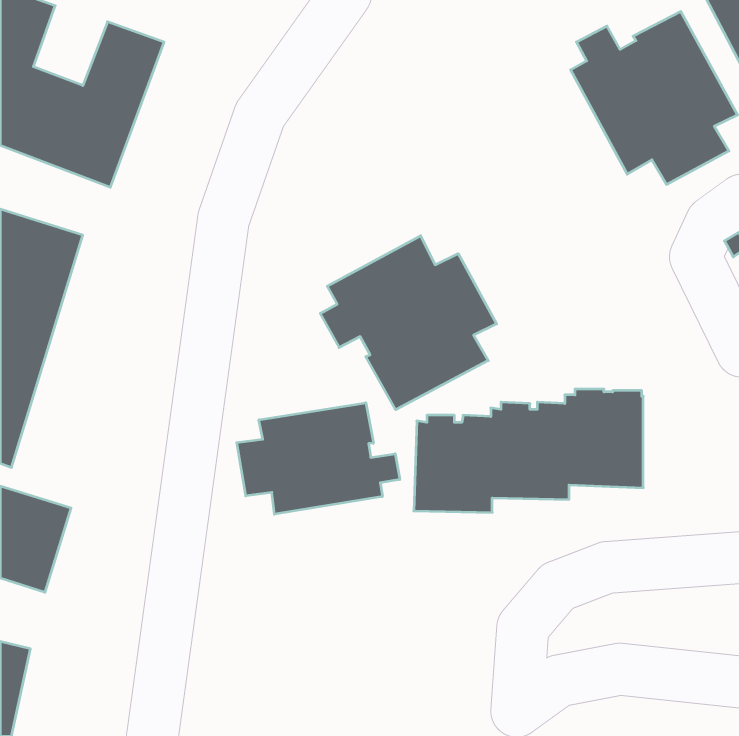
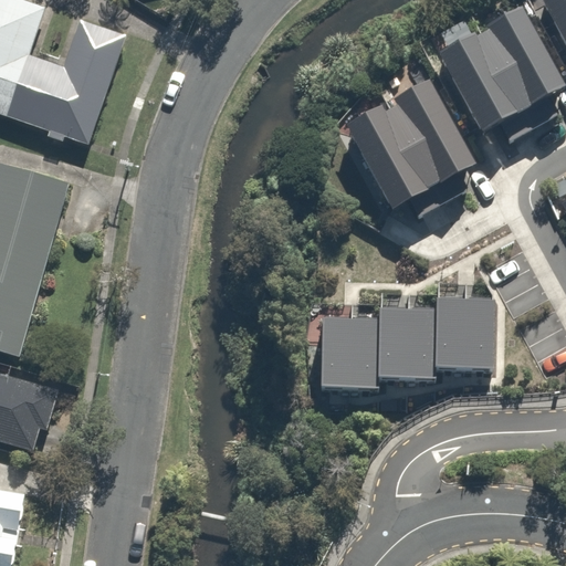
building: none -> [345,82,473,217]
building: [320,236,497,410] -> none
building: [237,403,400,514] -> none

